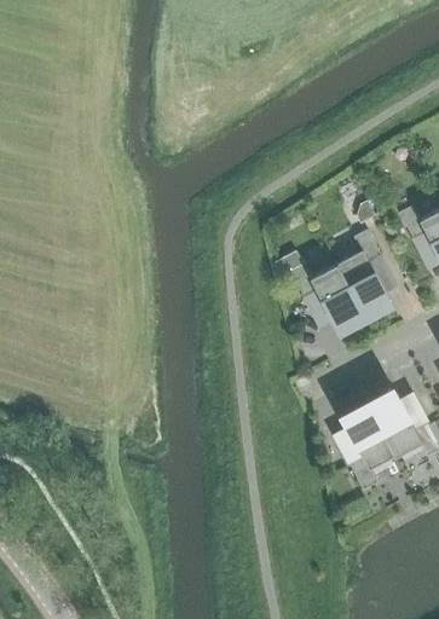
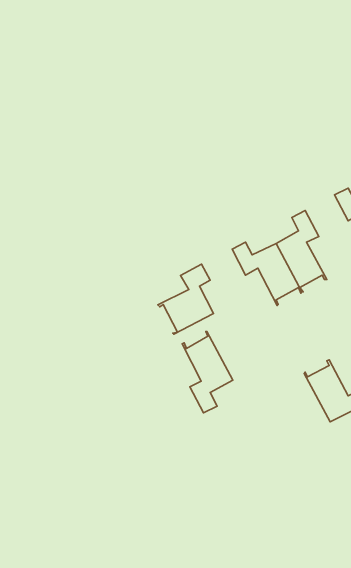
building: none -> [158,264,214,334]
building: [340,403,394,490] -> [182,332,233,413]

